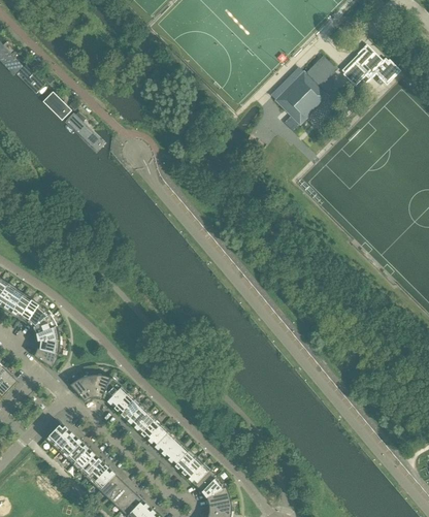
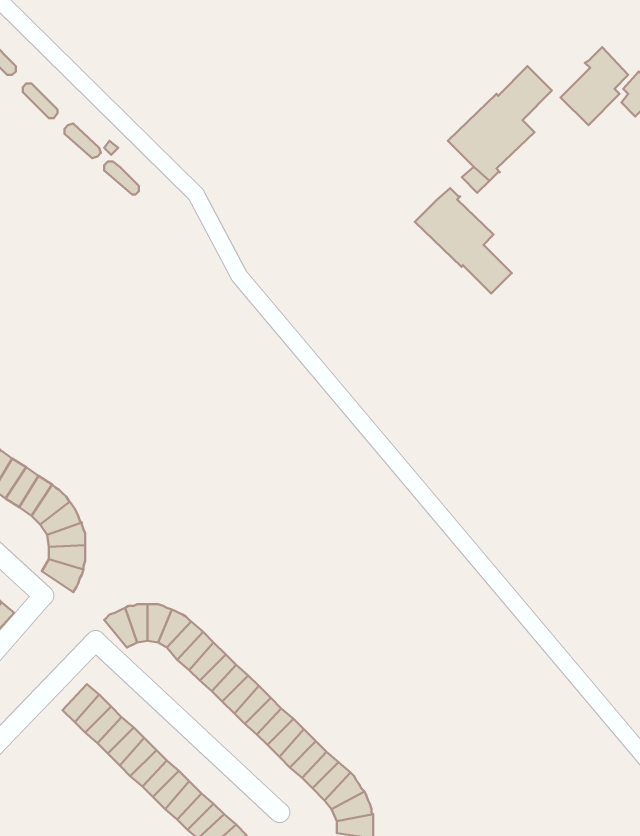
building: none -> [415,188,512,294]

